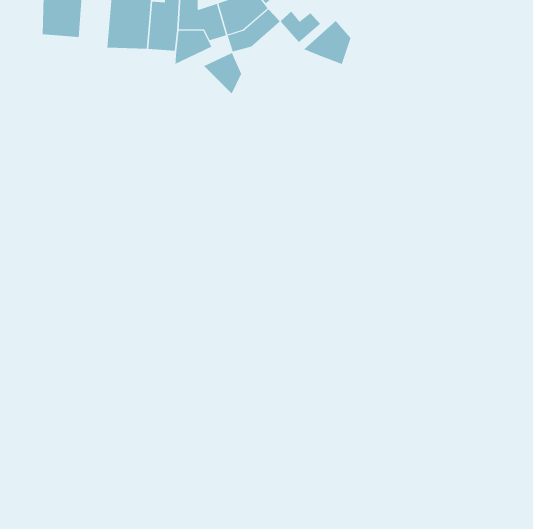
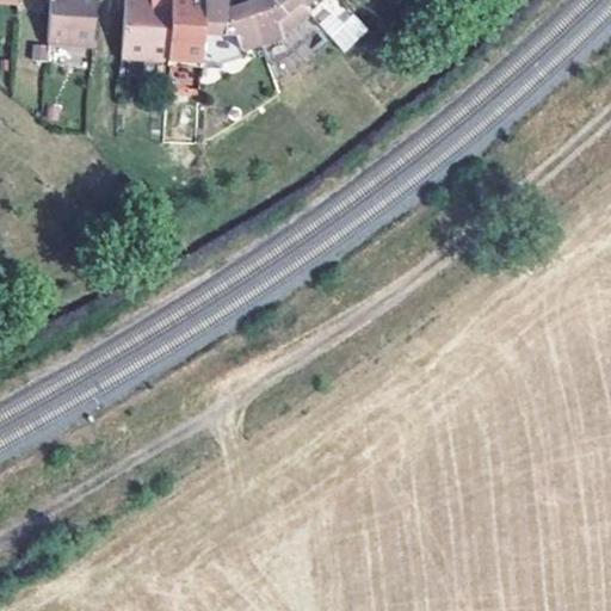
building: [303,20,351,65] -> none
building: [203,52,242,95] -> none

